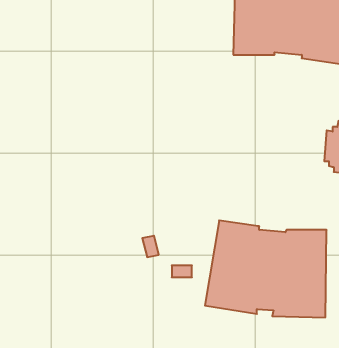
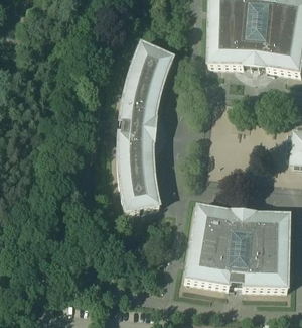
building: none -> [118,40,173,212]

